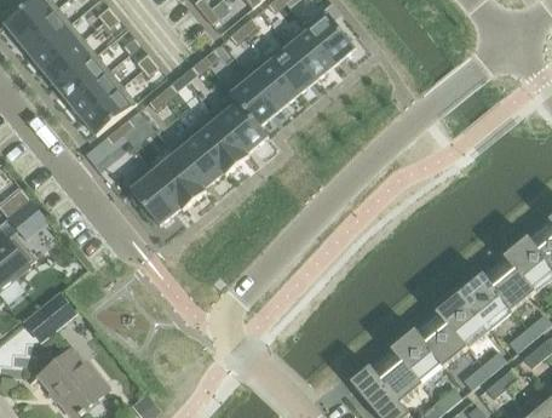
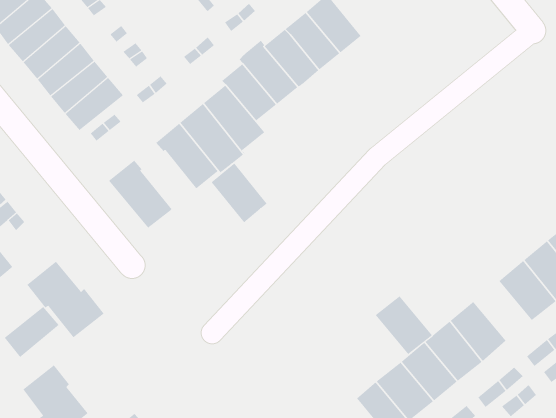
building: [153,153,205,208] -> [211,163,267,223]
building: none -> [26,261,104,338]
building: [458,273,511,327] -> [375,295,433,355]

